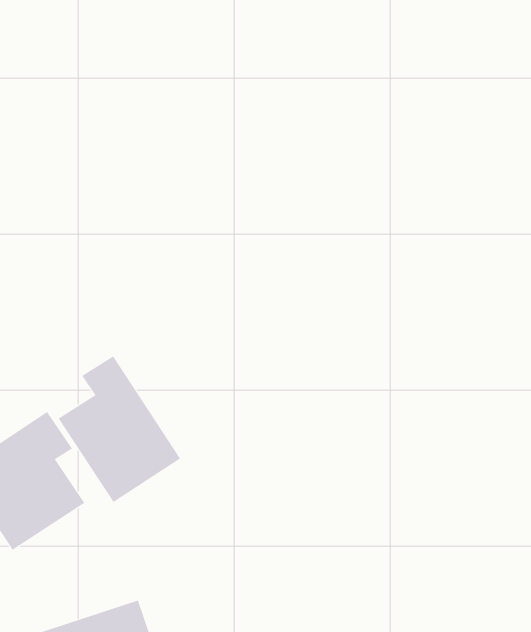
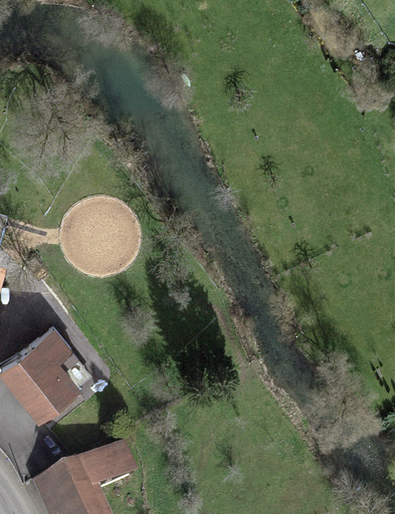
building: [58,356,181,503] -> none

